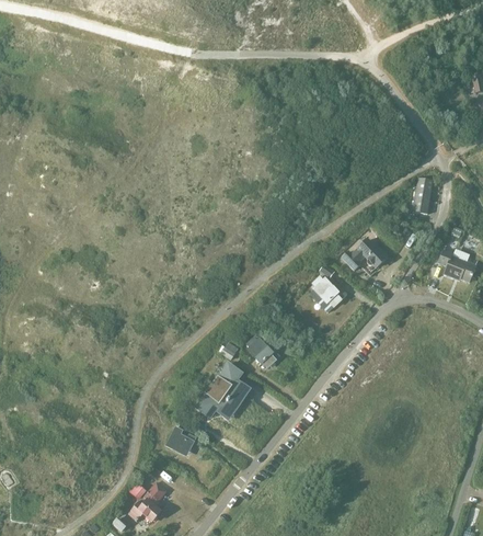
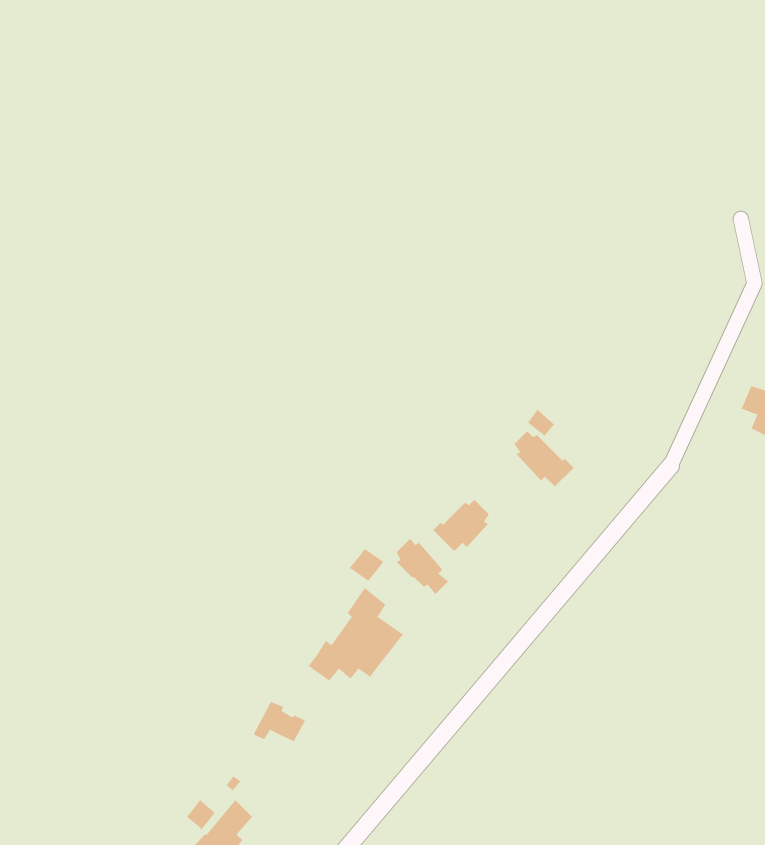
building: [413,178,432,214] -> none
building: [343,240,386,270] -> none
building: none -> [432,499,490,552]

